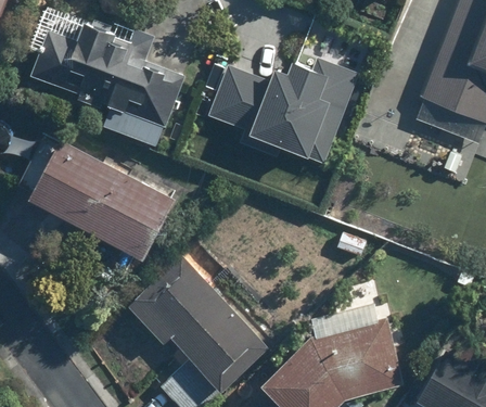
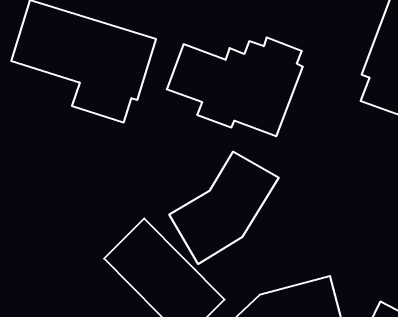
building: [29,139,174,259] -> none
building: none -> [169,152,279,264]

